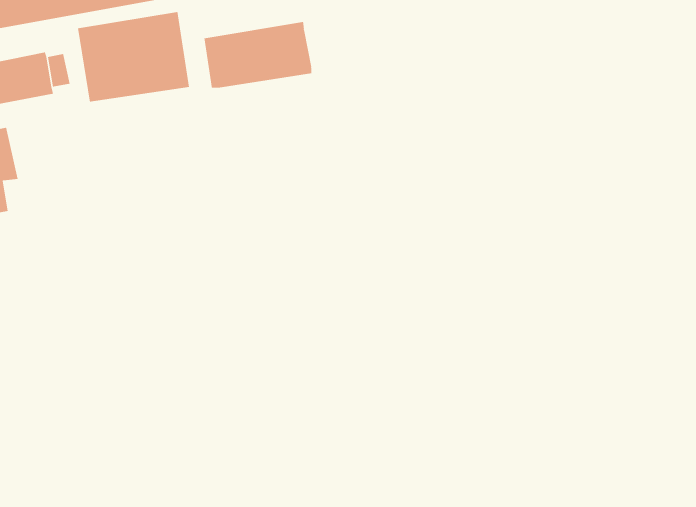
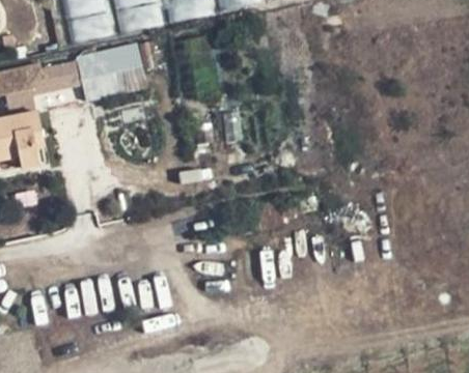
building: [204,21,312,89] -> none

